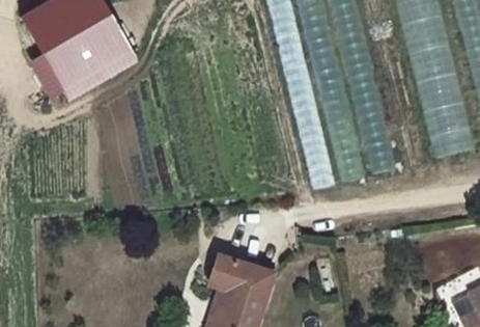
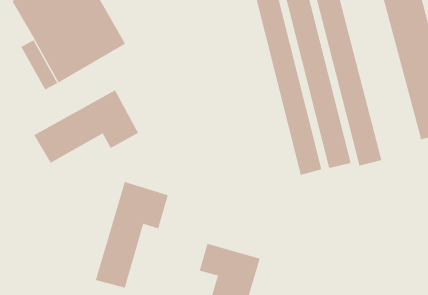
building: none -> [34,89,139,164]
building: none -> [95,181,169,288]

